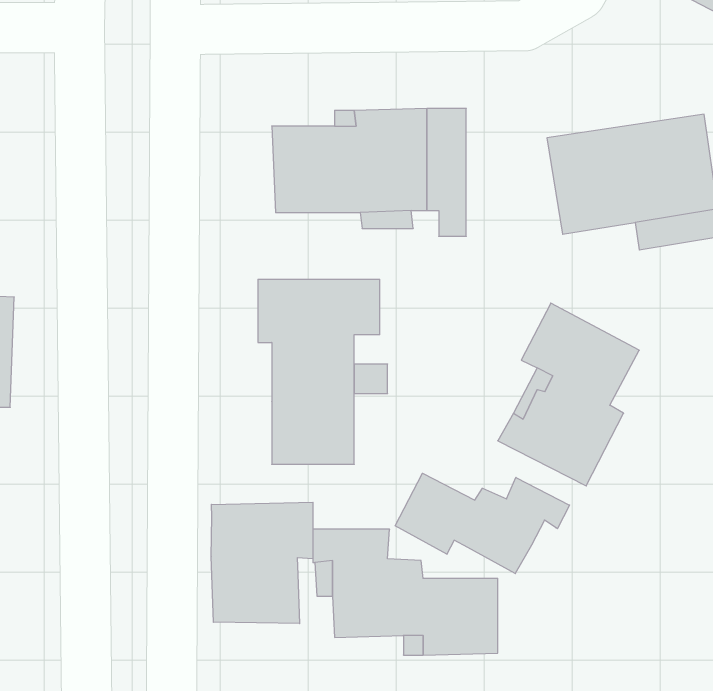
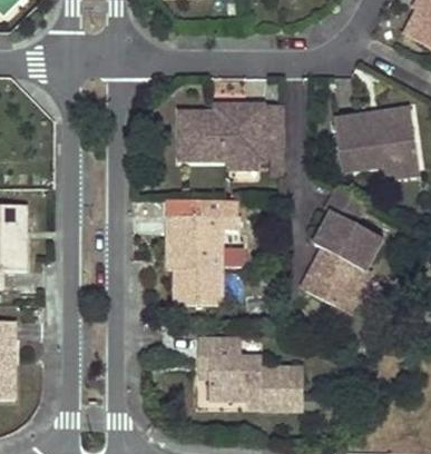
building: [395,473,570,574] -> none
building: [211,502,313,624] -> none

